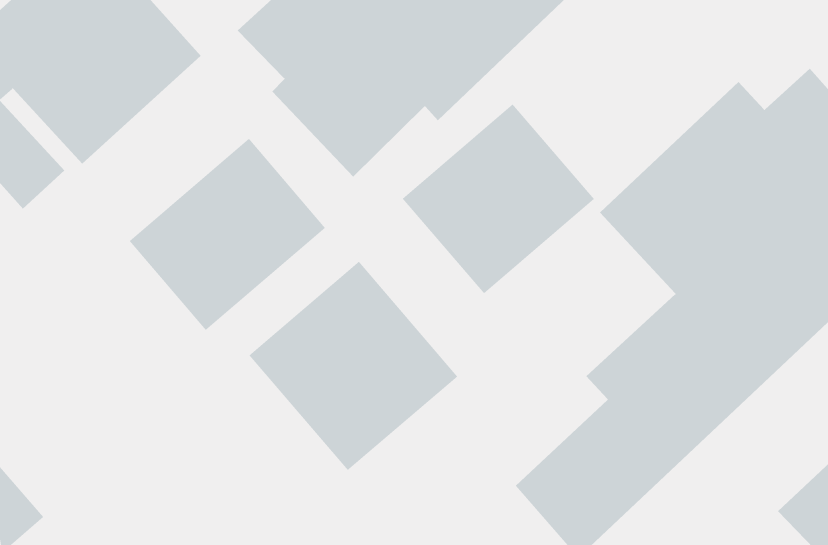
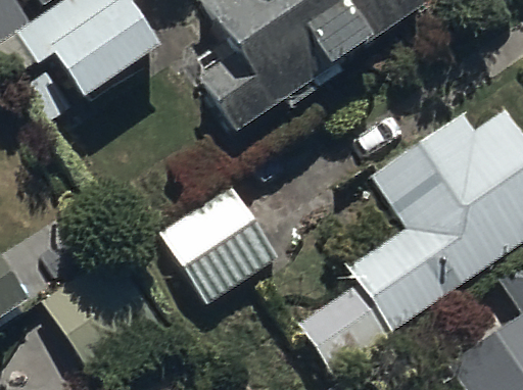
building: [402,104,595,294] -> none
building: [129,138,326,331] -> none

